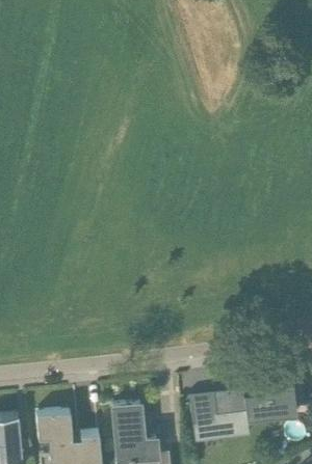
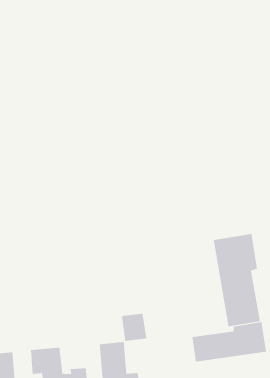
building: none -> [213,233,261,327]
building: [189,397,218,430] -> [121,311,147,341]

